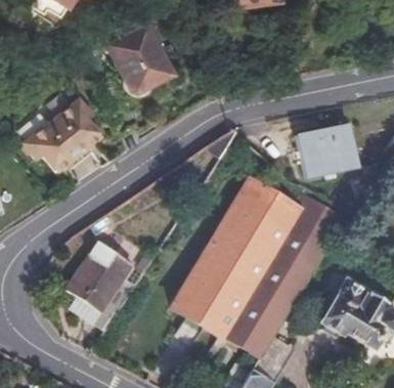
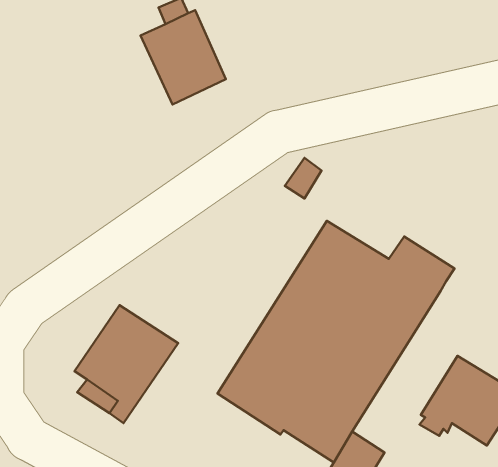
building: [31,100,106,171] -> none
building: [294,124,354,176] -> none

